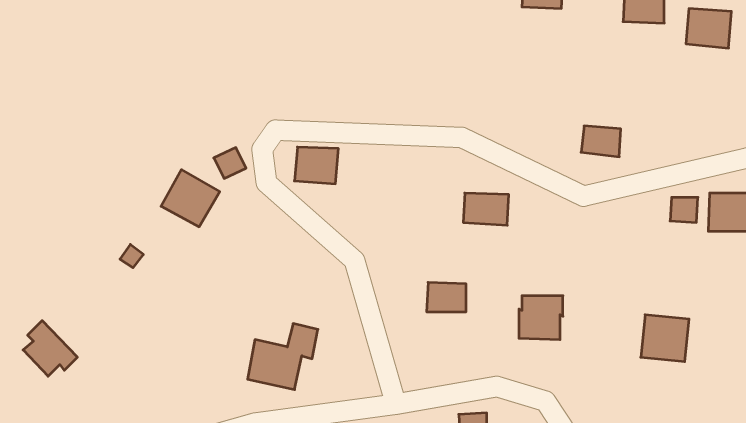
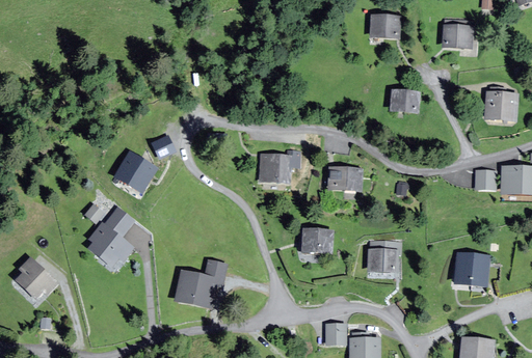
building: [686,9,731,48] -> [484,91,516,119]
building: [581,126,621,157] -> [390,90,418,112]
building: [294,147,338,184] -> [259,155,290,181]
building: none -> [88,206,133,265]

